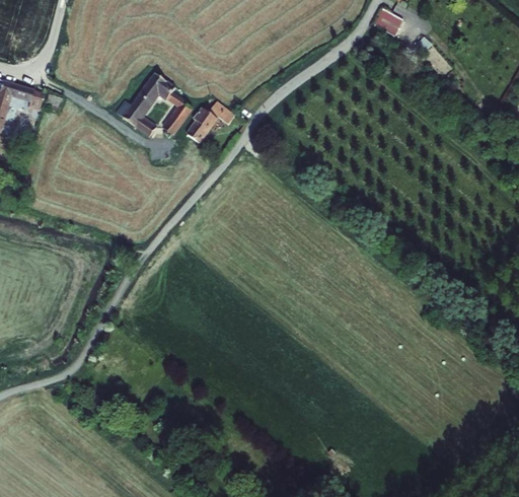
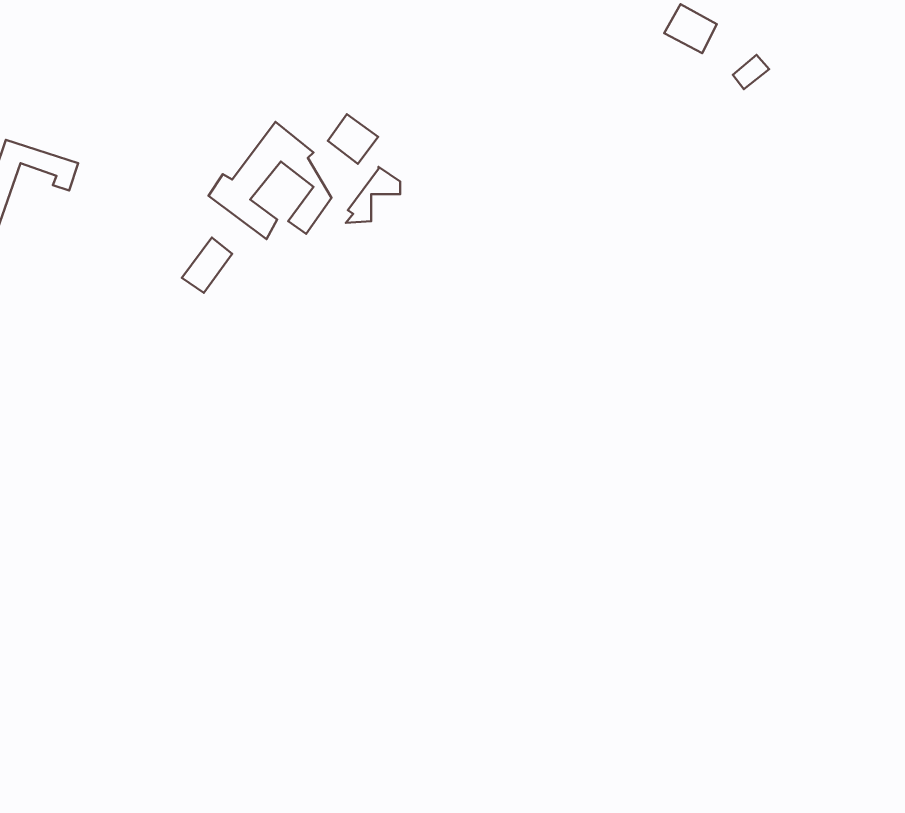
building: none -> [328,114,378,164]
building: none -> [182,238,232,293]

